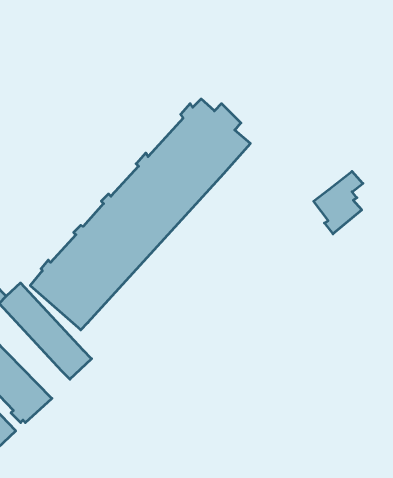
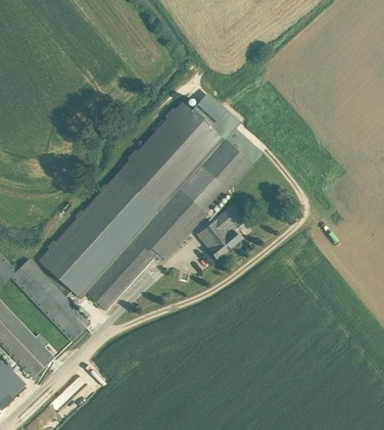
building: none -> [86,141,250,310]
building: [314,171,363,234] -> [199,206,241,259]

